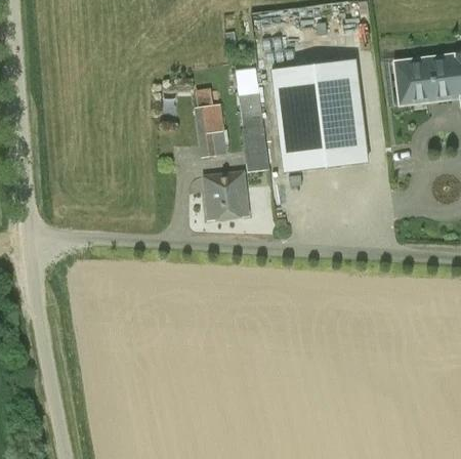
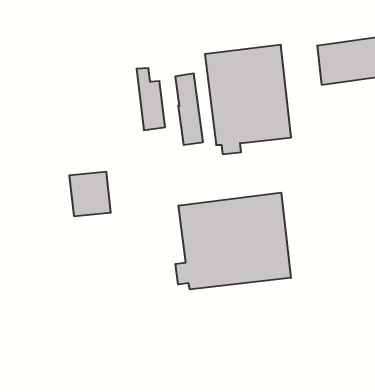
building: [202,171,248,220] -> [69,172,111,216]
building: none -> [175,193,291,289]

